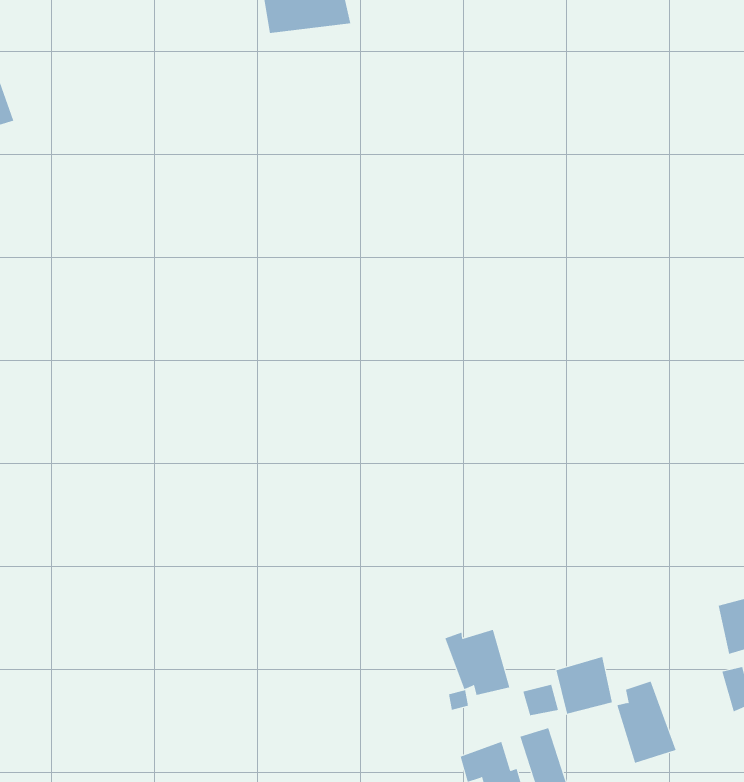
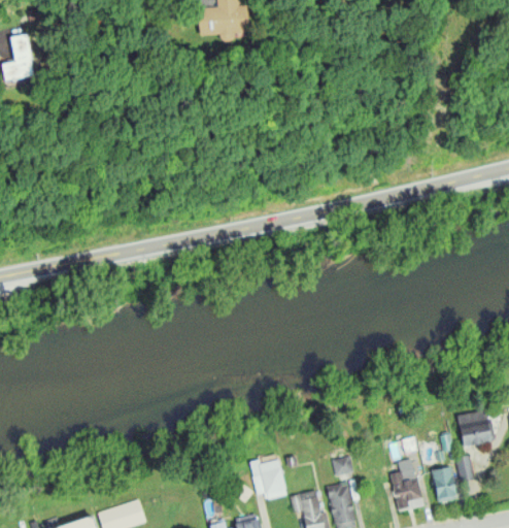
building: [445,629,510,695] -> [248,459,286,499]
building: [556,656,613,714] -> none
building: none -> [431,465,456,499]

